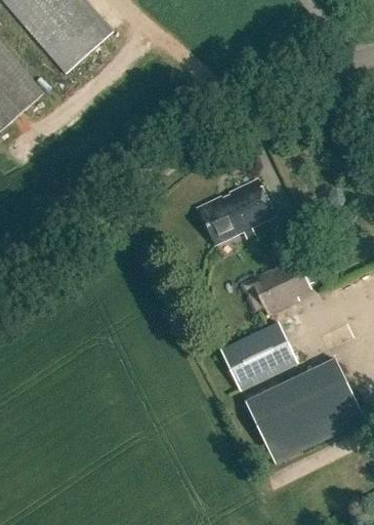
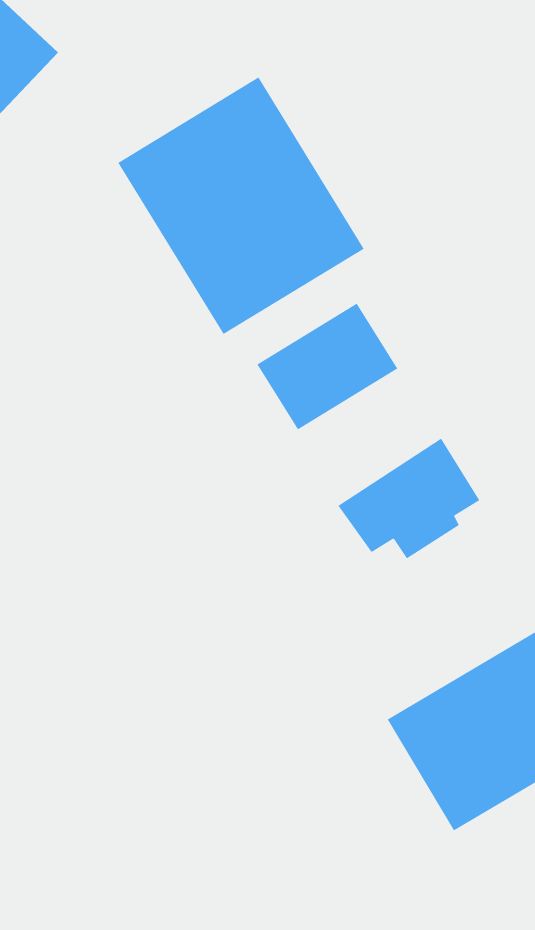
building: none -> [118,77,364,335]
building: [222,323,299,390] -> none

